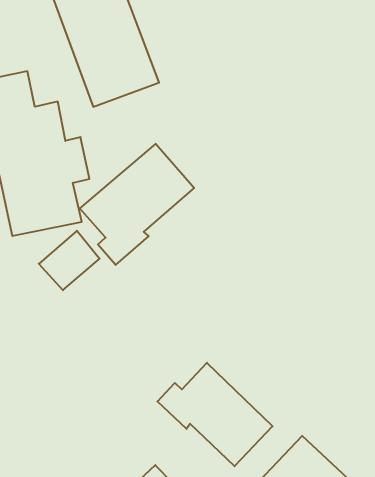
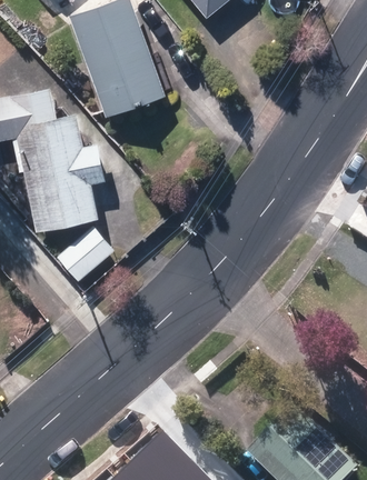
building: [80,144,194,265] -> none
building: [157,363,273,466] -> none

